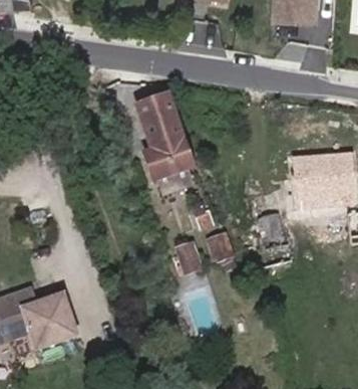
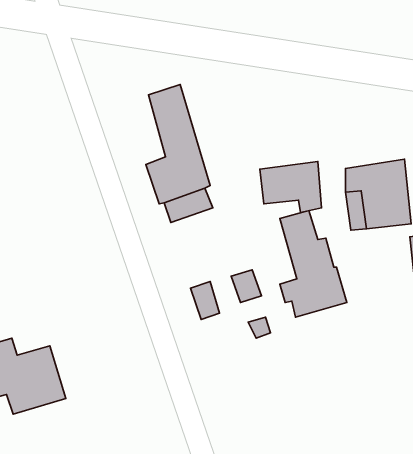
building: none -> [260,162,321,212]

